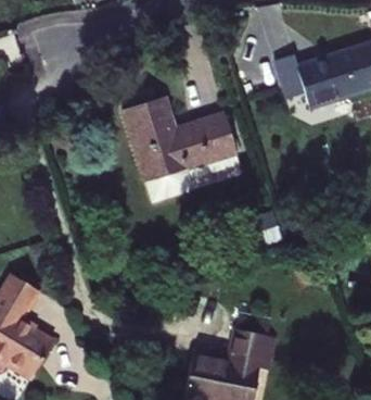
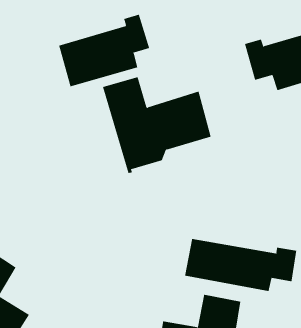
building: none -> [58,14,150,87]
building: none -> [185,238,297,292]

